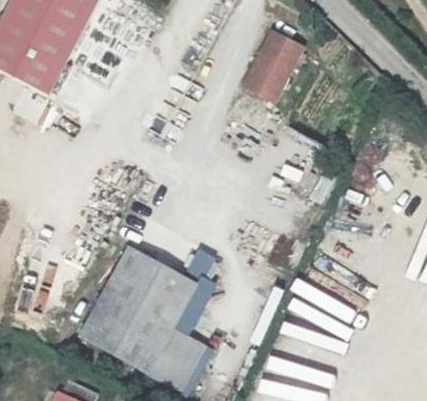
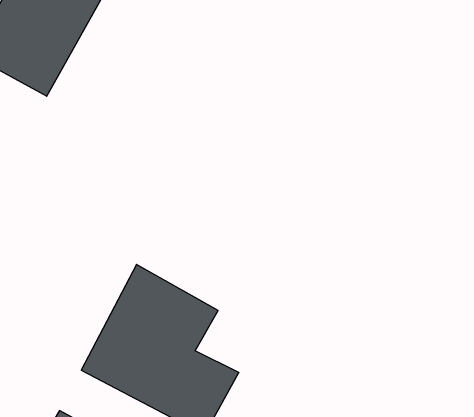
building: [247,29,311,102] -> none

